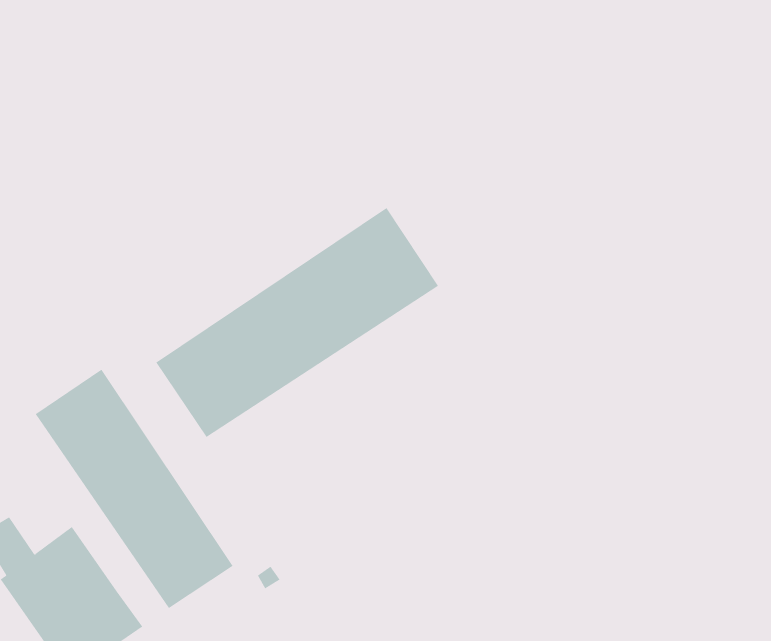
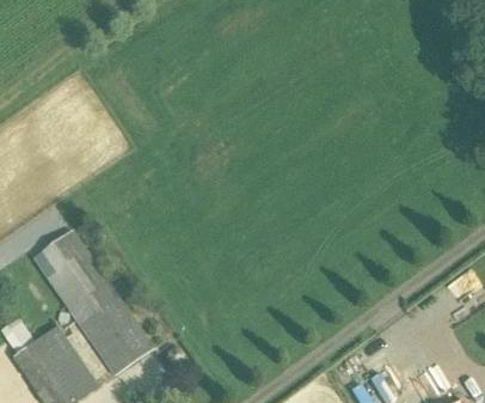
building: [155,207,439,438] -> none

